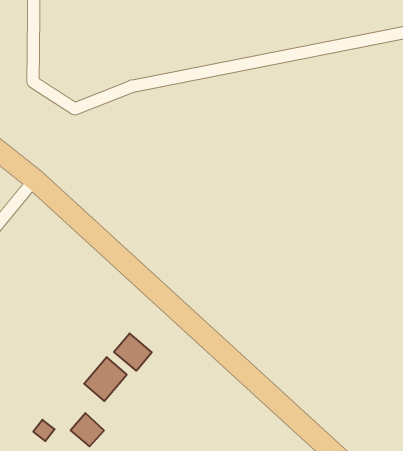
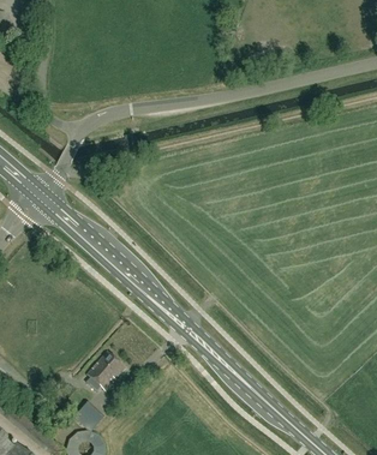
building: [114,333,152,371] -> none

